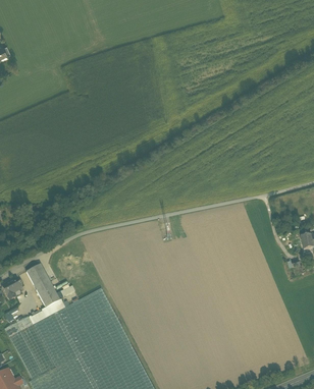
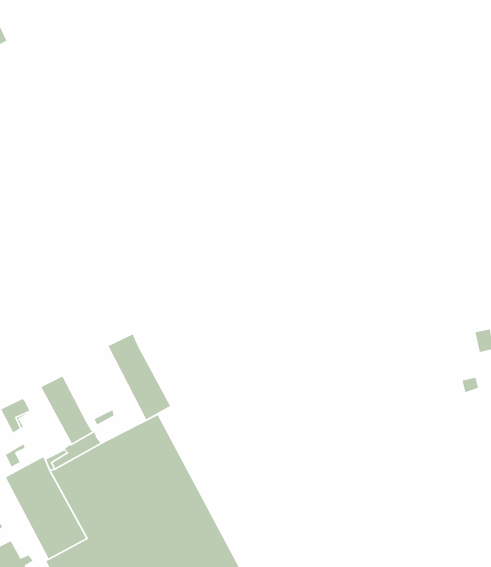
building: none -> [107,333,171,420]

